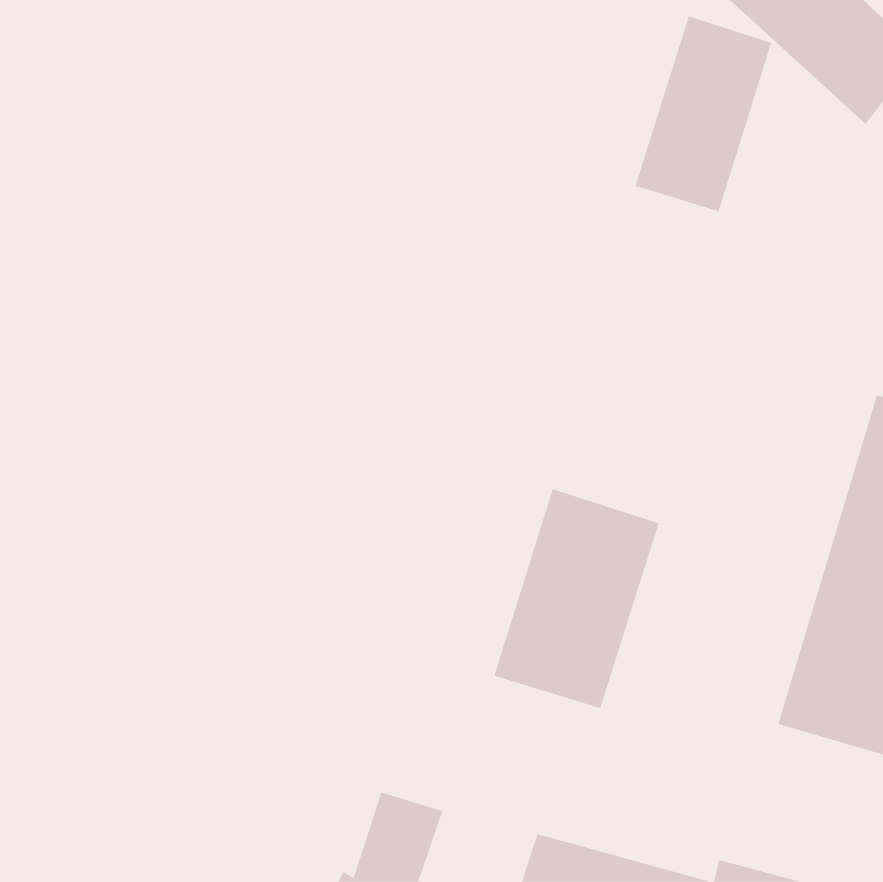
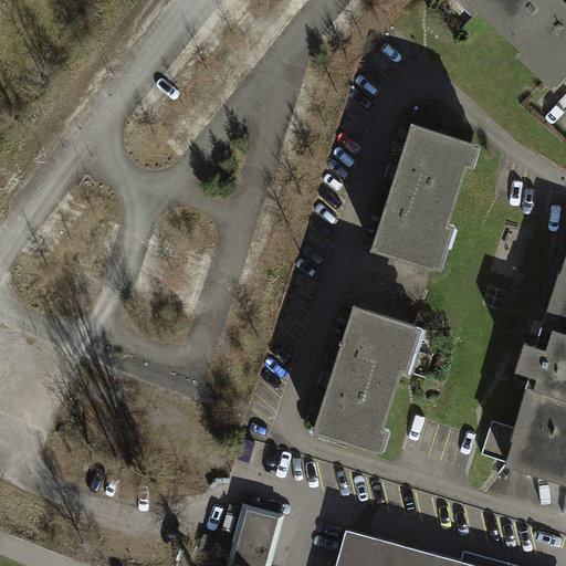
building: [635,15,772,212] -> none
building: none -> [370,134,476,274]

